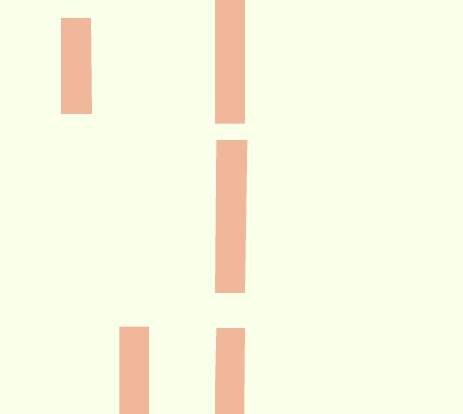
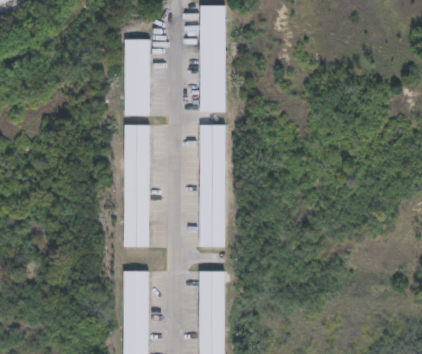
building: [60,17,93,115] -> [124,38,150,115]
building: none -> [123,125,150,247]

